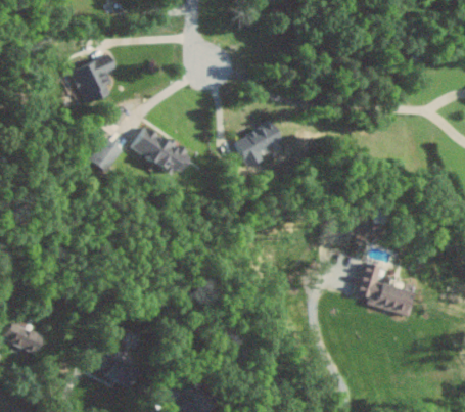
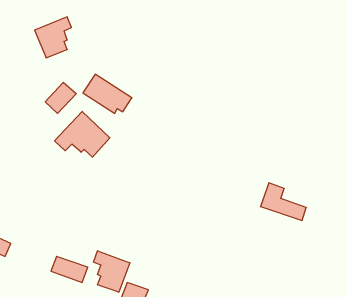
building: [235,122,283,168] -> none
building: none -> [55,111,110,157]
building: none -> [94,251,130,292]

